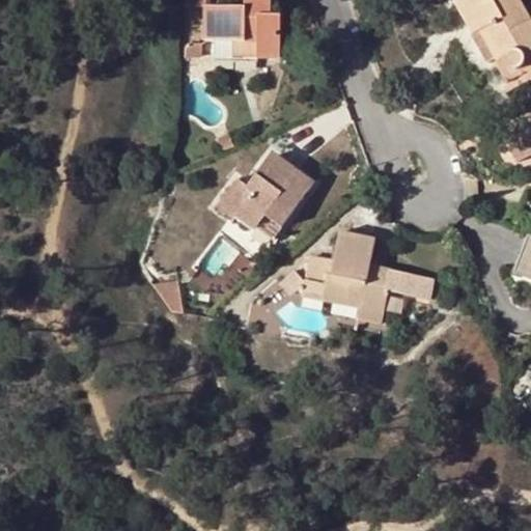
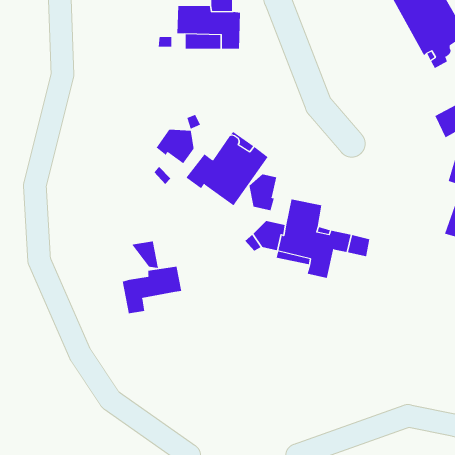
building: none -> [156,129,194,164]
building: none -> [249,173,277,211]
building: none -> [122,266,182,314]

